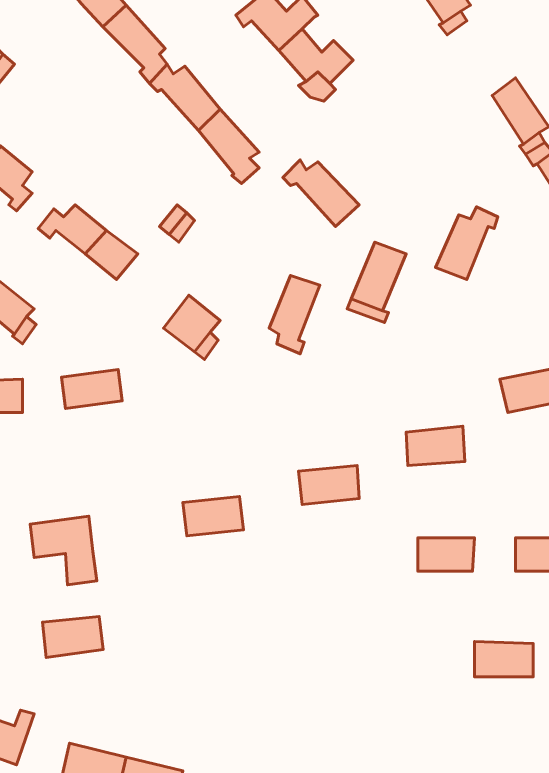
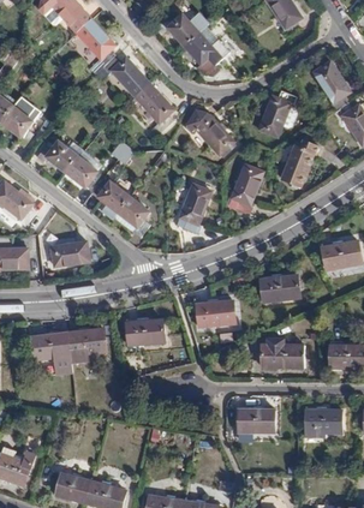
building: none -> [257,90,297,136]
building: none -> [96,181,129,219]
building: [42,616,103,657] -> [67,328,105,353]
building: none -> [234,408,270,430]

